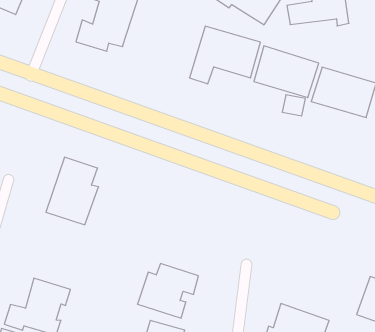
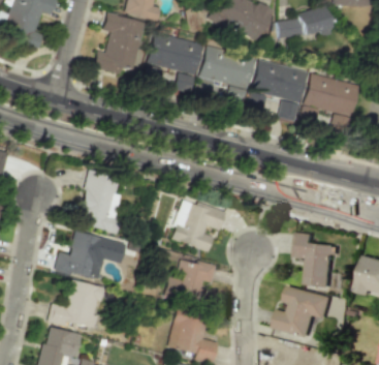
building: none -> [144,32,202,96]
building: none -> [170,197,227,250]
building: none -> [55,231,126,279]
building: none -> [295,231,337,287]

